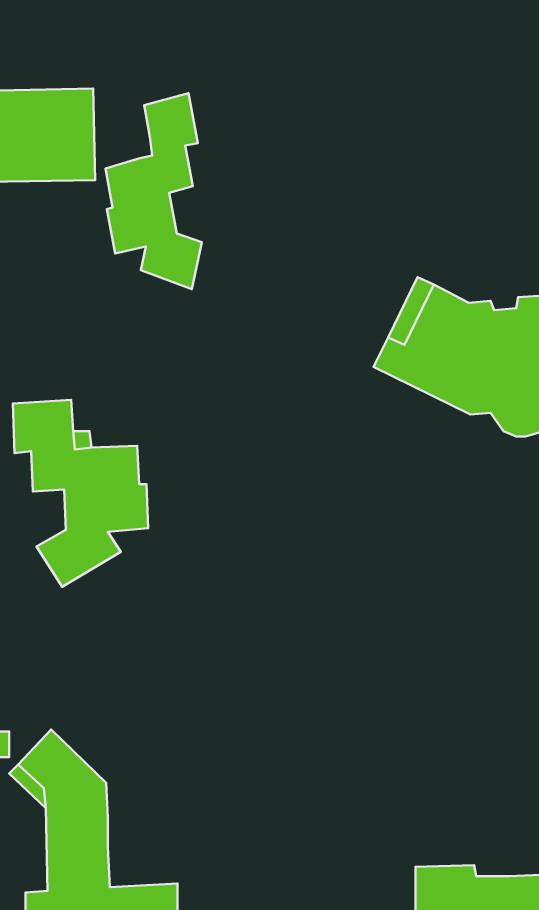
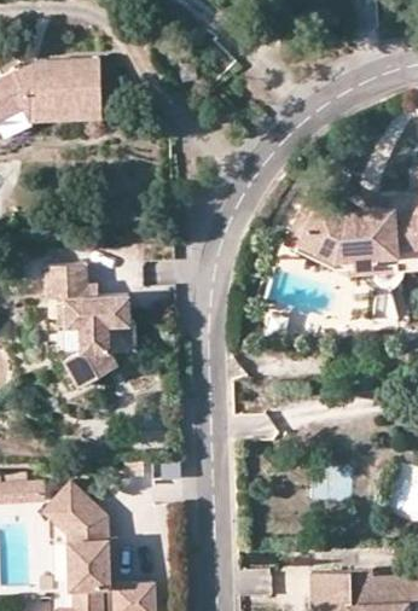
building: [105,93,202,289] -> none

